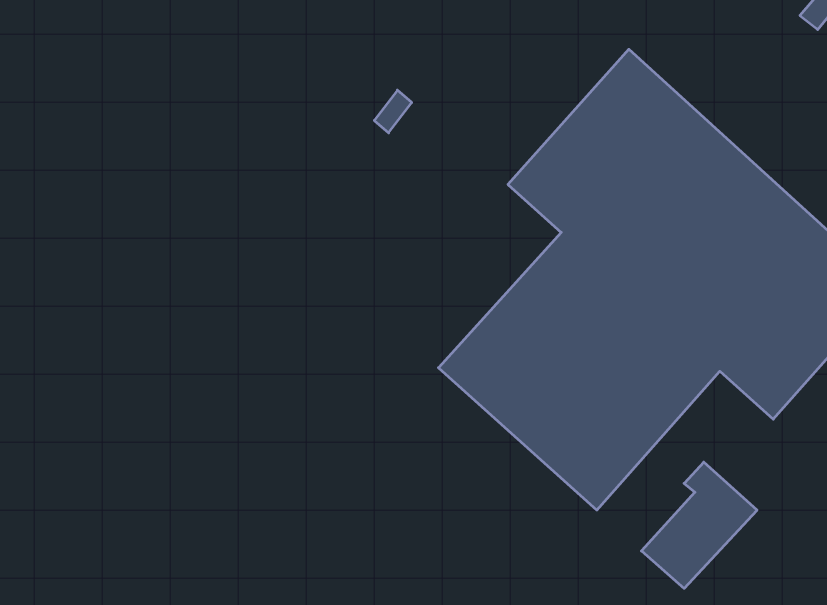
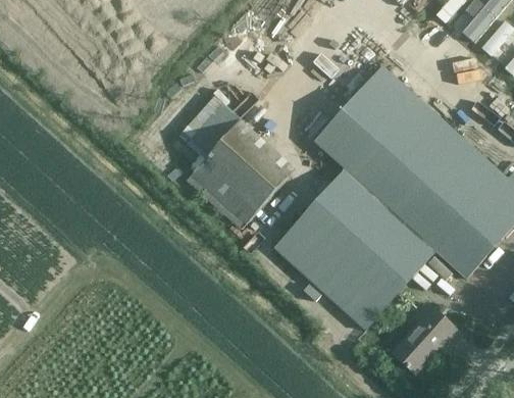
building: none -> [178,94,296,229]

